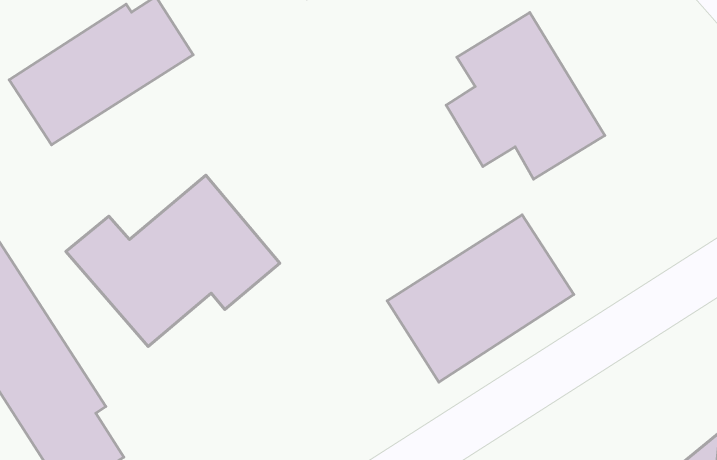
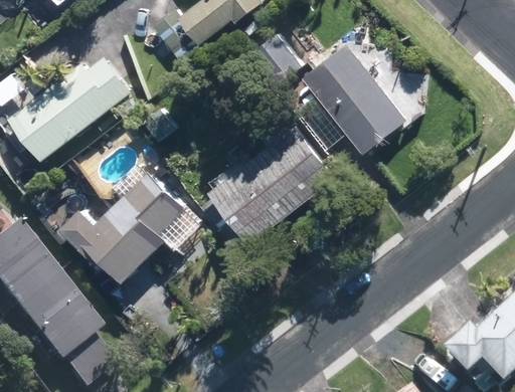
building: [387,215,574,382] -> [212,123,335,238]

